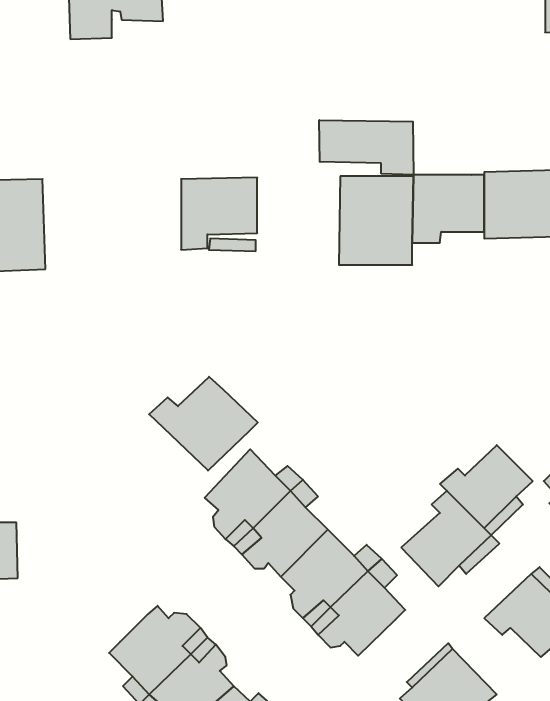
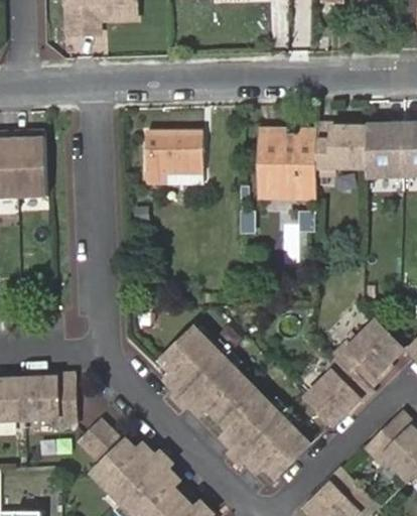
building: [319,120,414,175] -> none
building: [149,377,258,471] -> none
building: none -> [25,379,79,426]
building: none -> [80,421,121,468]

